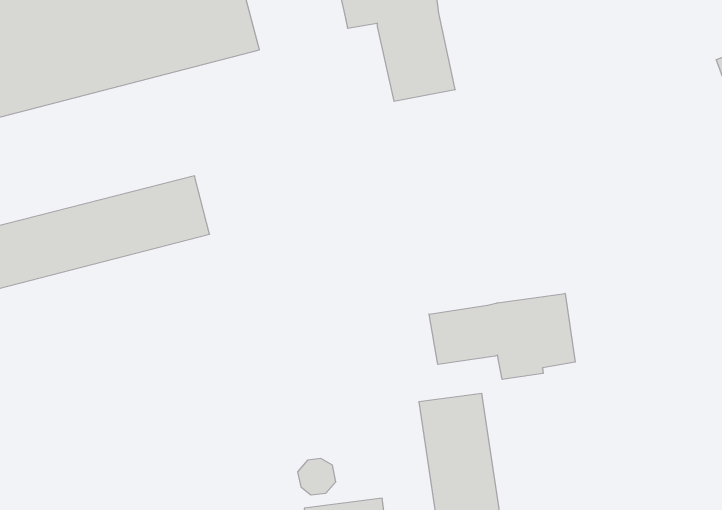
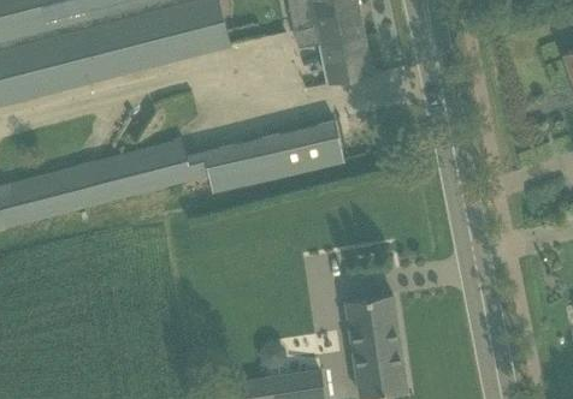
building: none -> [202,123,343,192]
building: [429,293,575,379] -> none

